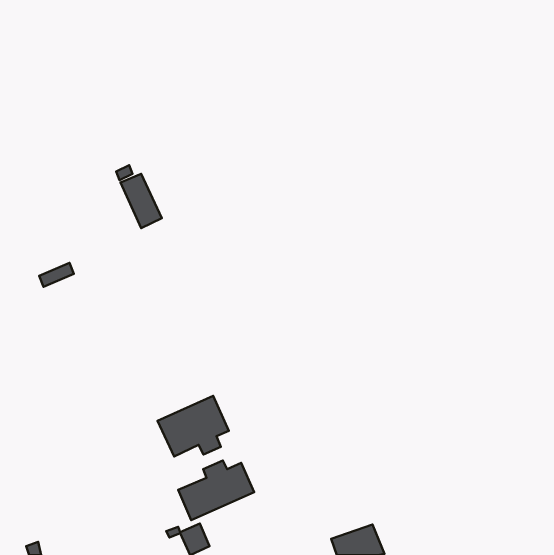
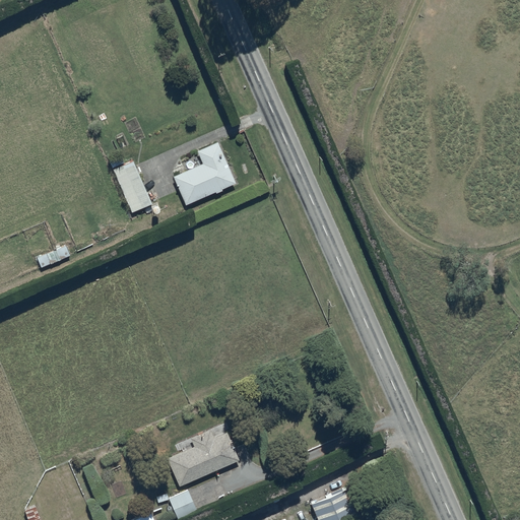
building: none -> [174,142,236,205]
building: [158,396,229,457] -> none

